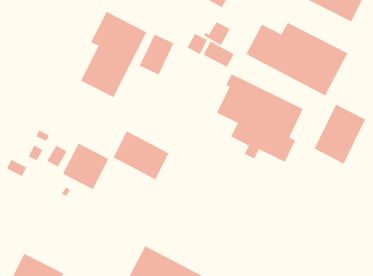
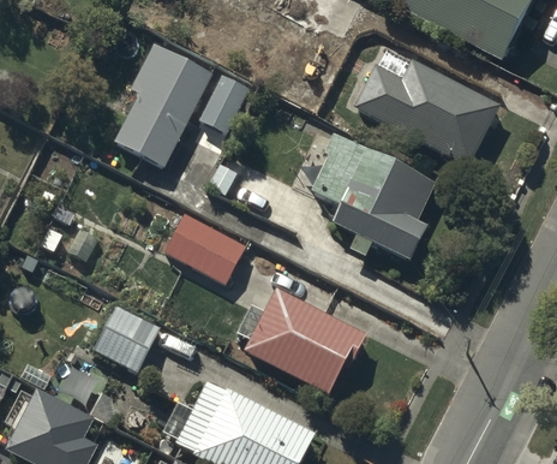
building: [314,104,366,164] -> none
building: [62,143,109,190] -> [94,307,161,374]
building: none -> [244,287,366,393]

